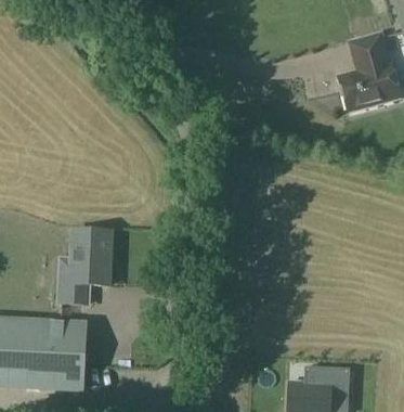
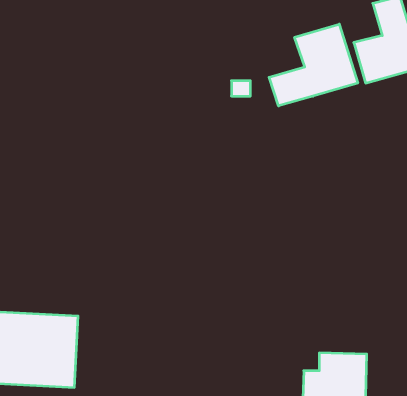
building: none -> [269,24,358,106]
building: [58,230,109,304] -> none

